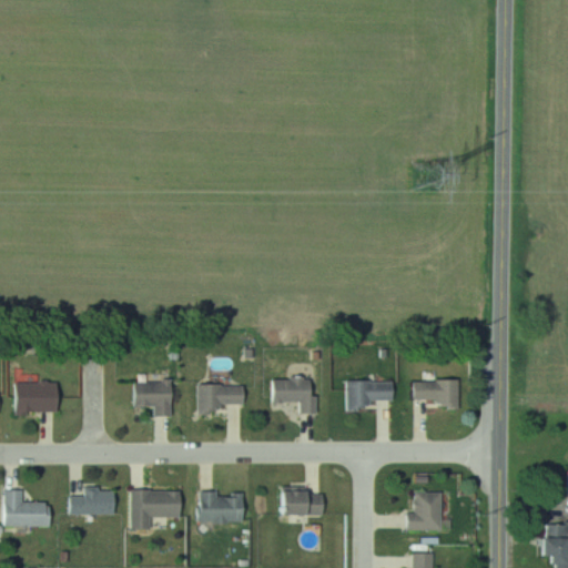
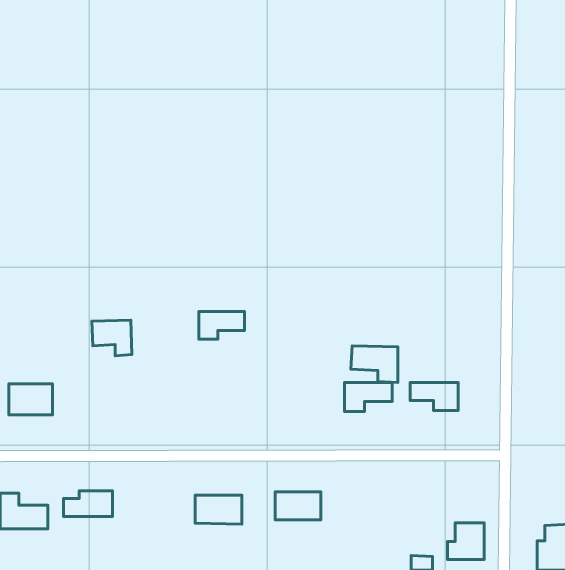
building: [272,377,318,414] -> [351,346,398,383]
building: [131,382,171,417] -> [92,320,132,356]
building: [200,385,245,413] -> [199,311,245,339]
building: [131,490,182,528] -> none
building: [406,493,443,529] -> [447,523,484,559]

